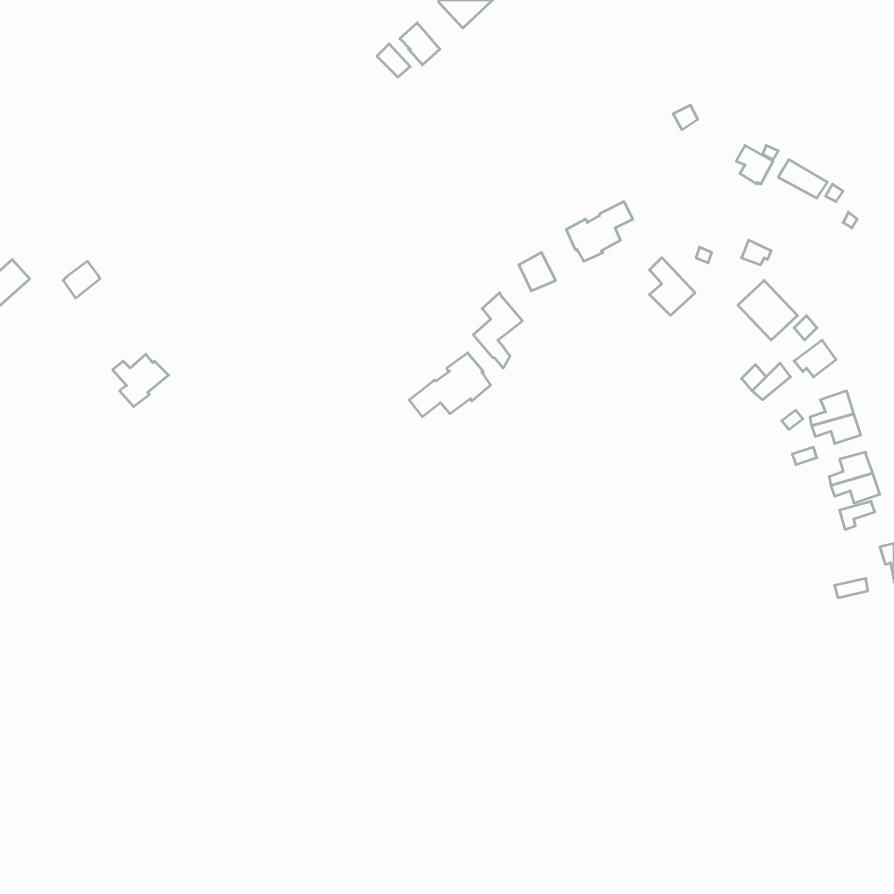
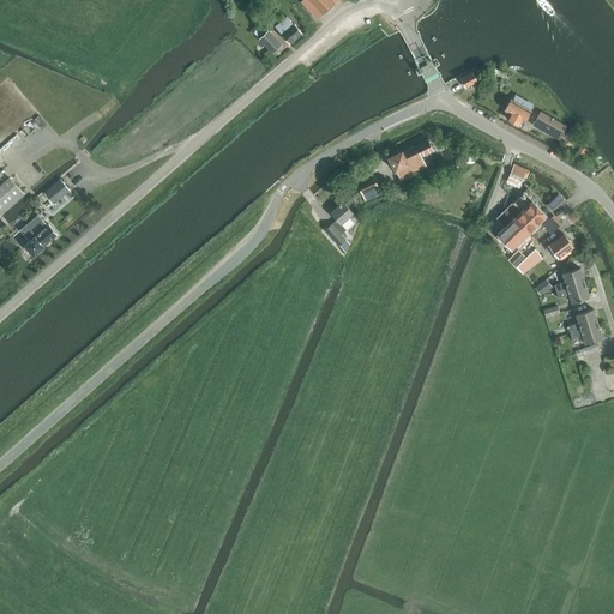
building: [649,258,695,315] -> [496,210,528,249]
building: [409,353,491,417] -> none
building: [113,354,169,407] -> [18,221,56,257]

